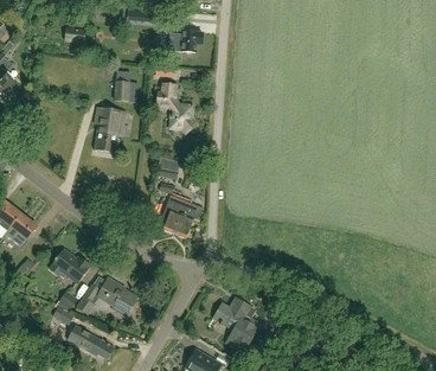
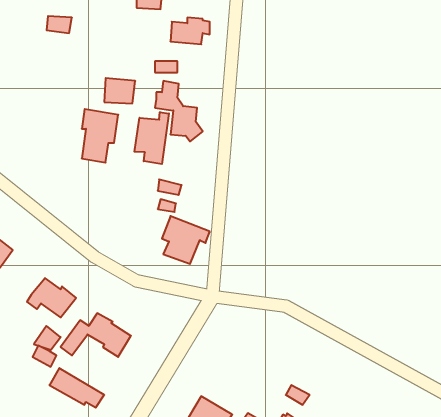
building: none -> [134,112,169,164]
building: [213,296,259,353] -> none

